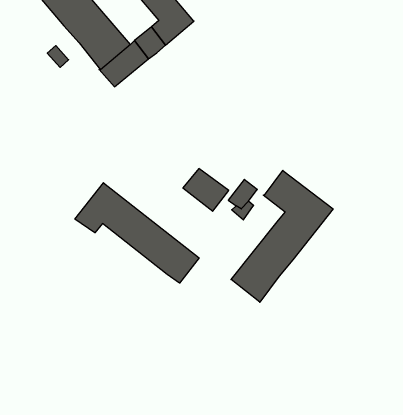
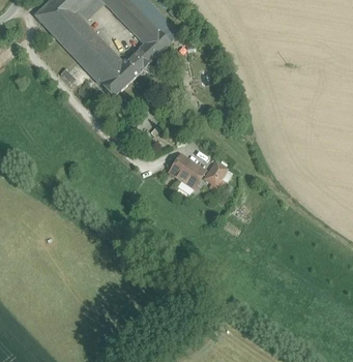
building: [231,170,333,302] -> none
building: [75,183,199,283] -> none

